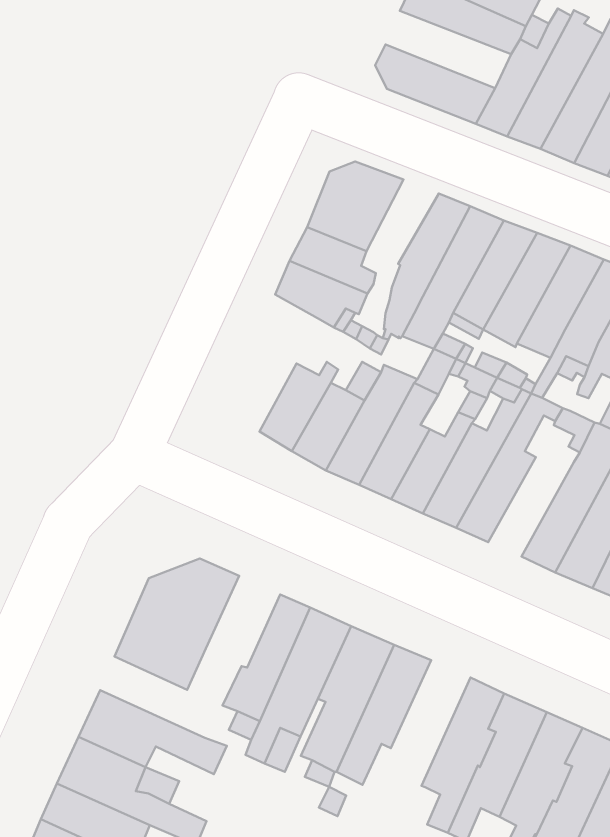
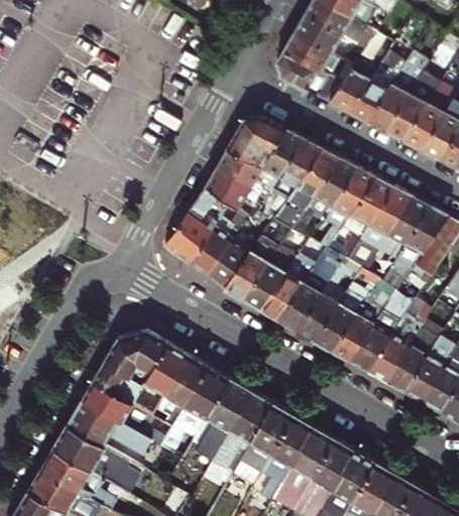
building: none -> [283,34,354,84]
building: none -> [260,130,305,177]
building: none -> [164,187,230,264]
building: none -> [312,290,365,351]
building: none -> [145,345,191,397]
building: none -> [83,383,150,434]
building: none -> [239,404,294,477]

